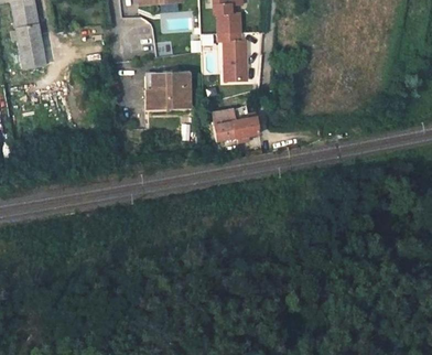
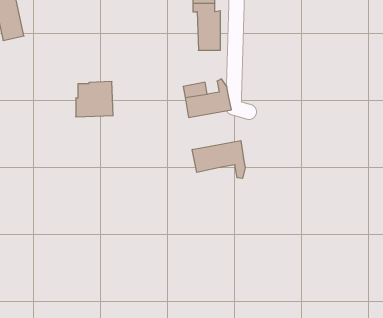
building: [152,73,190,108] -> [76,82,113,117]
building: none -> [192,141,245,178]

